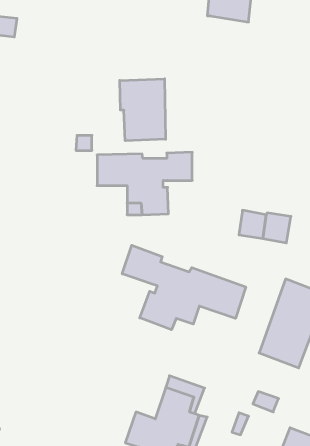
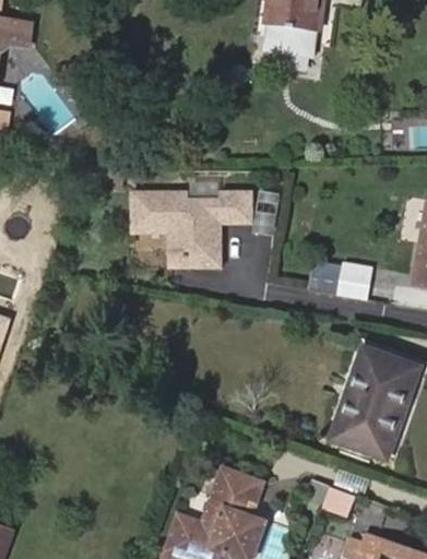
building: none -> [266,21,317,53]
building: [120,79,166,141] -> none
building: [122,245,246,330] -> none

